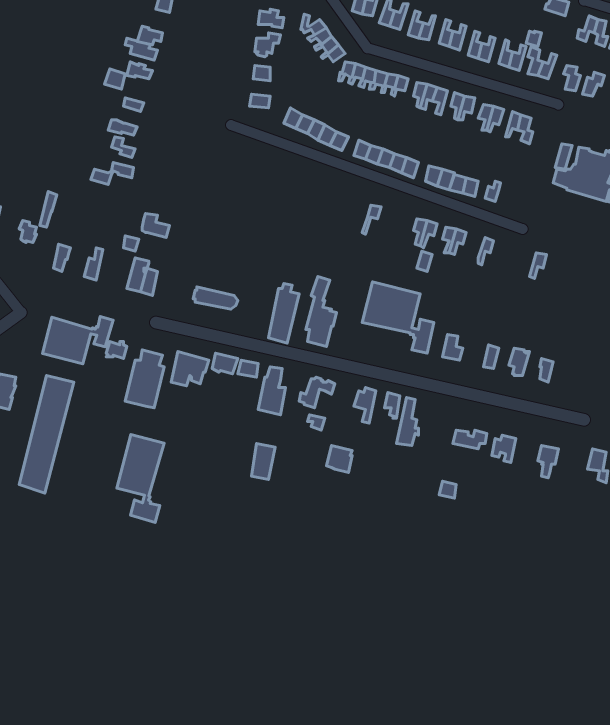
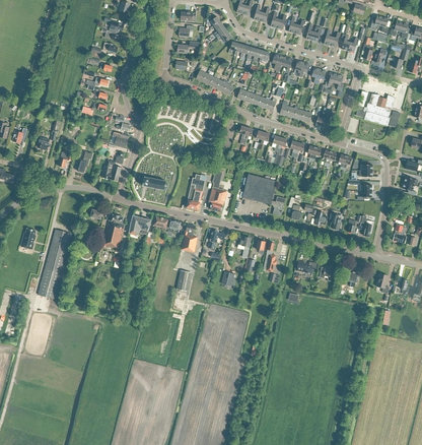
building: [42,316,113,364] -> none
building: [117,434,164,523] -> none

